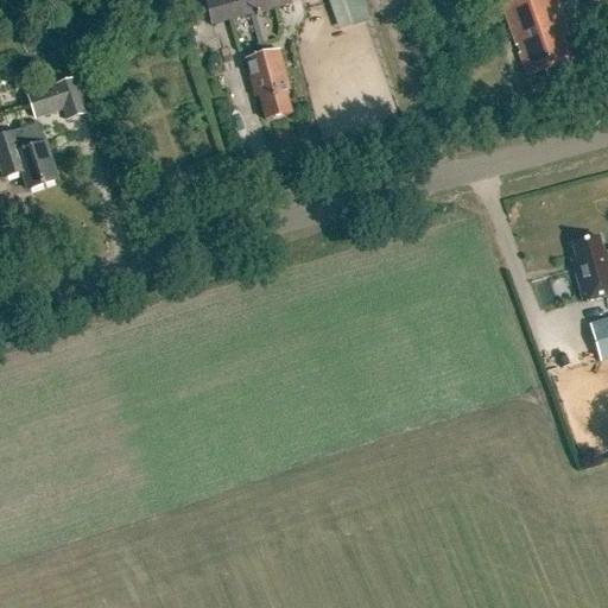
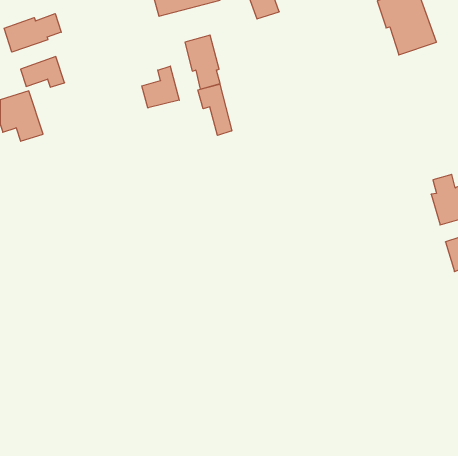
building: none -> [4,14,61,52]
building: none -> [142,66,179,108]
building: none -> [198,84,232,135]

